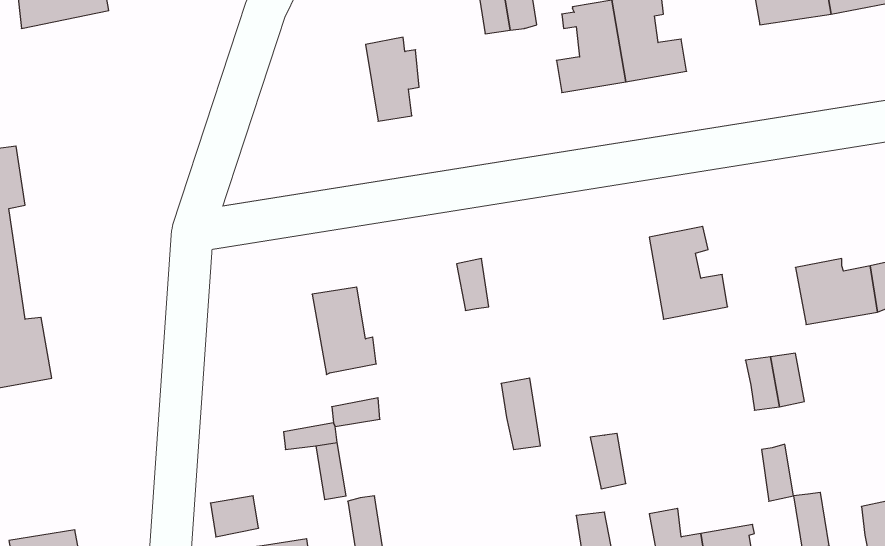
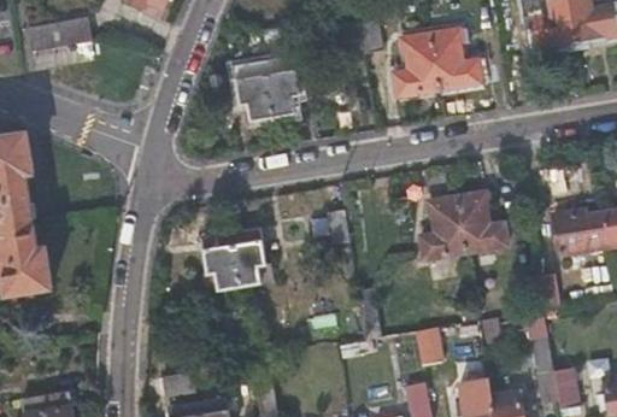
building: none -> [233,64,272,119]
building: none -> [419,194,465,258]
building: none -> [200,233,237,292]

